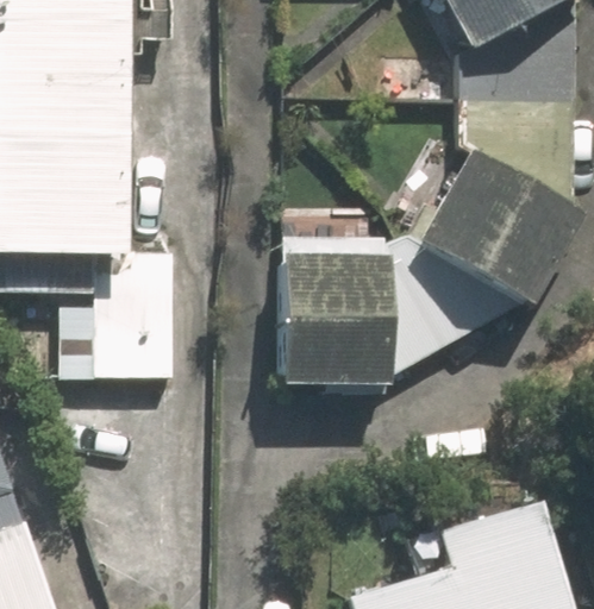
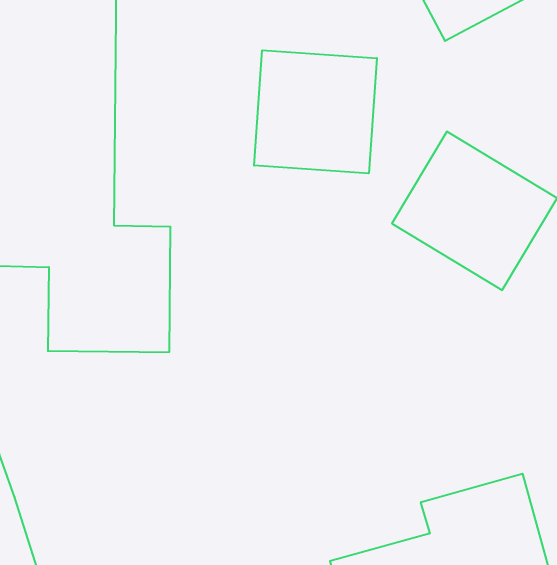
building: none -> [254,50,377,173]
building: [267,243,394,389] -> none

